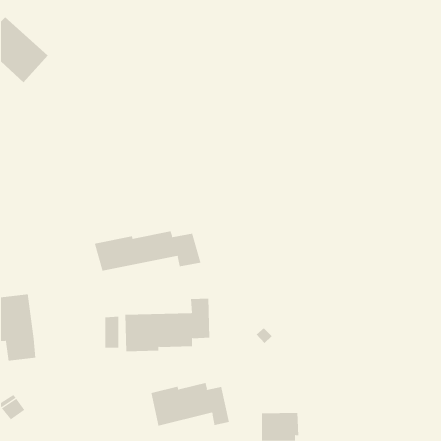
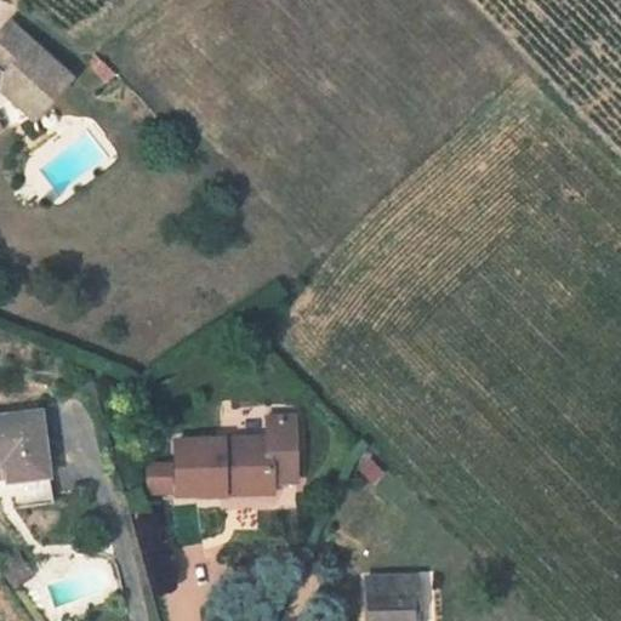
building: [94,231,201,272] -> none
building: [151,382,230,426] -> none

